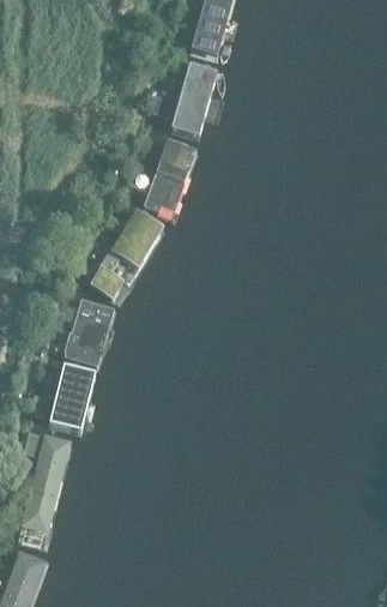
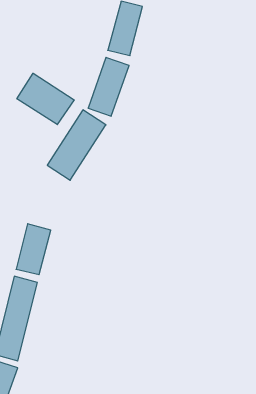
building: none -> [17,73,74,125]
building: [64,299,117,368] -> none

